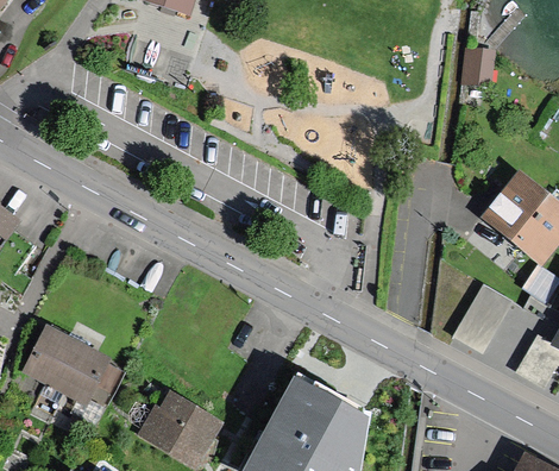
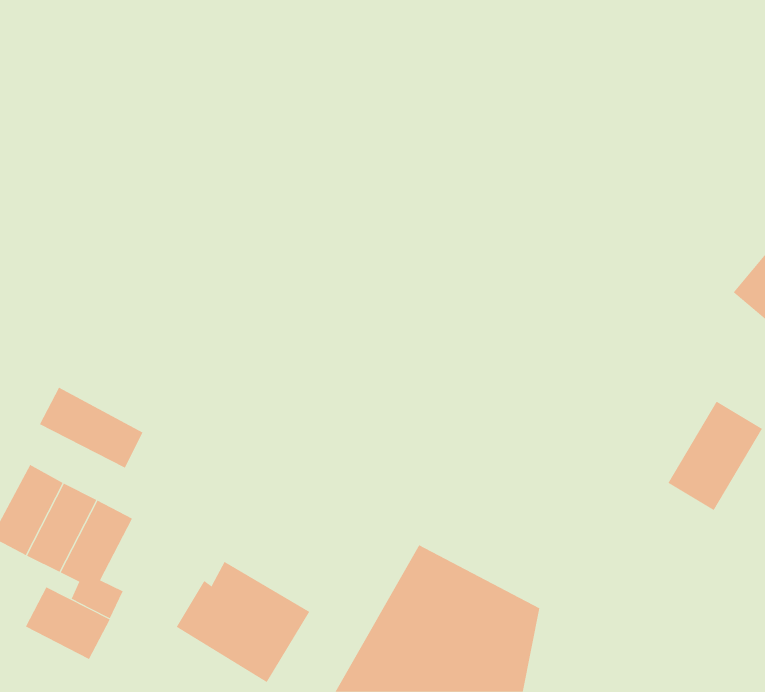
building: [460,46,495,87] -> none
building: none -> [39,387,143,469]
building: none -> [25,586,110,660]

